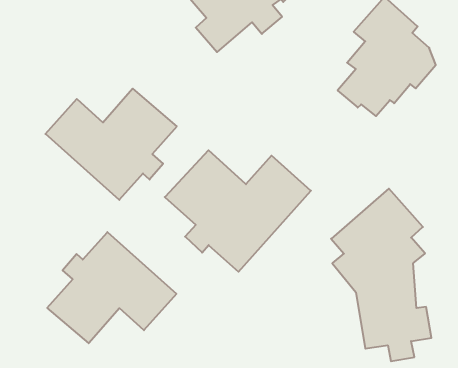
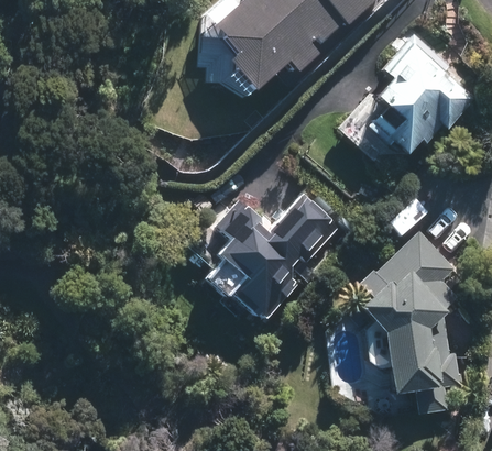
building: [45,89,177,200] -> none
building: [47,232,176,343] -> none

